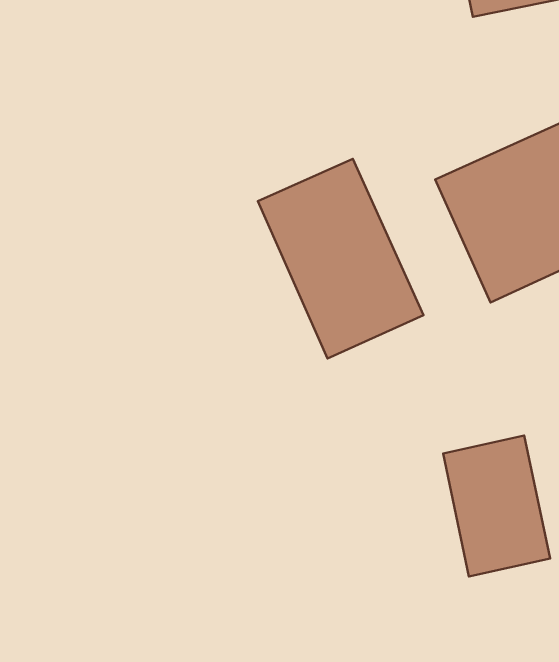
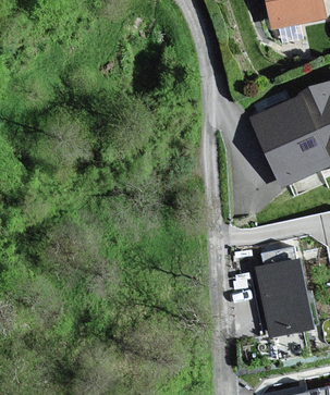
building: [258,159,423,358] -> none

